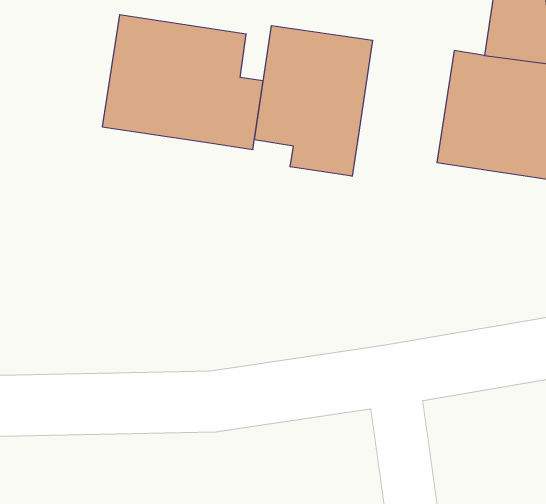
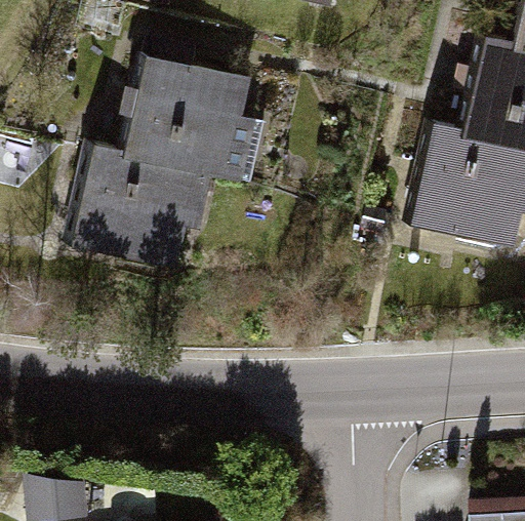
building: [254,26,373,176] -> none
building: none -> [70,144,217,272]

